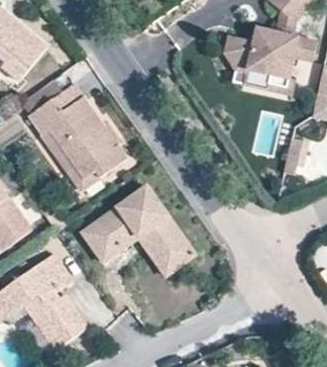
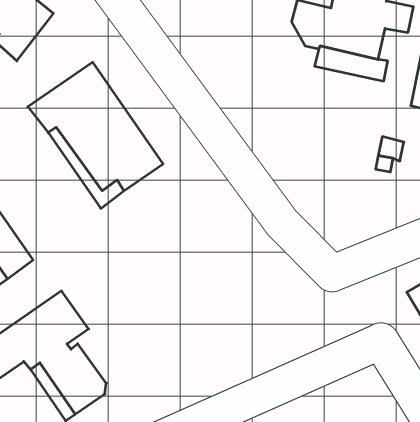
building: [83,186,195,276] -> none

